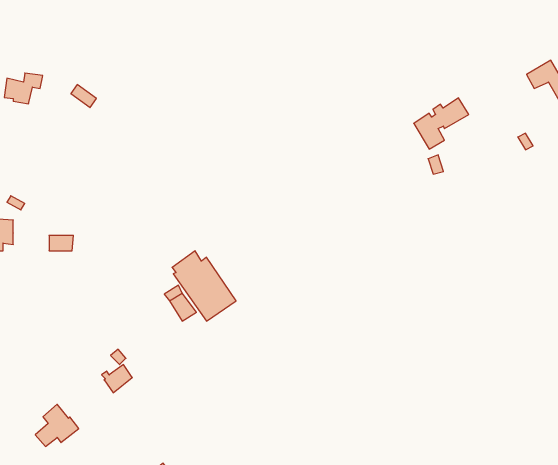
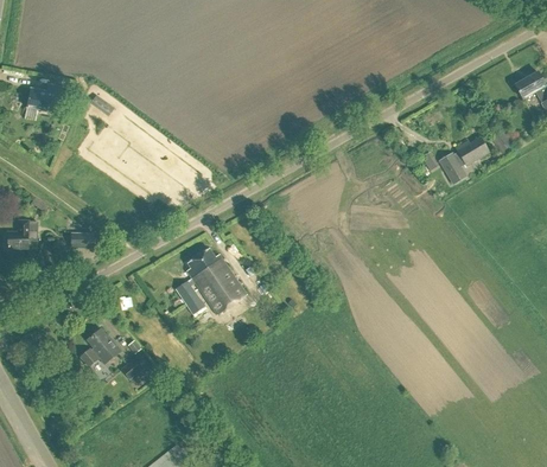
building: [414,98,469,149] -> [439,136,490,184]
building: [35,404,79,446] -> [79,327,120,366]

